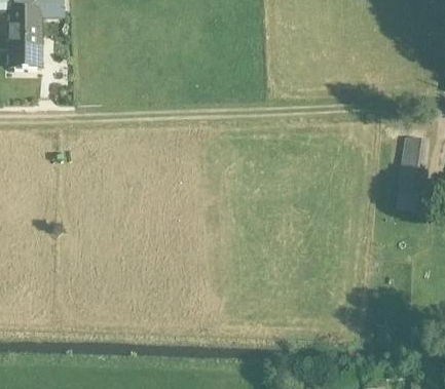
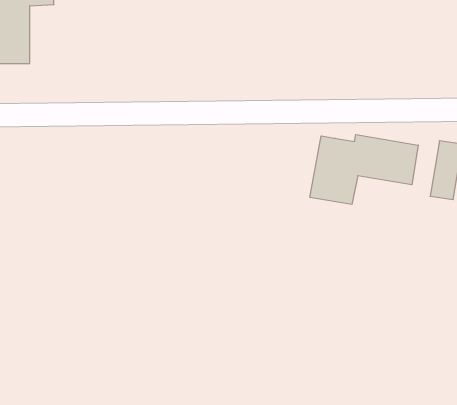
building: none -> [310,135,418,204]

